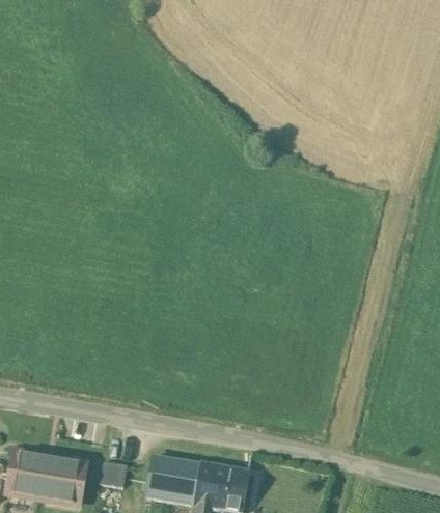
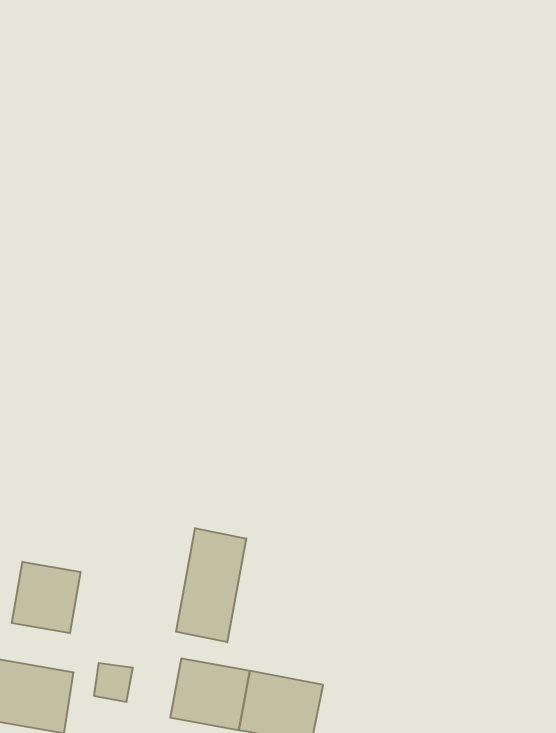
building: none -> [176,528,246,642]
building: none -> [12,562,80,633]

